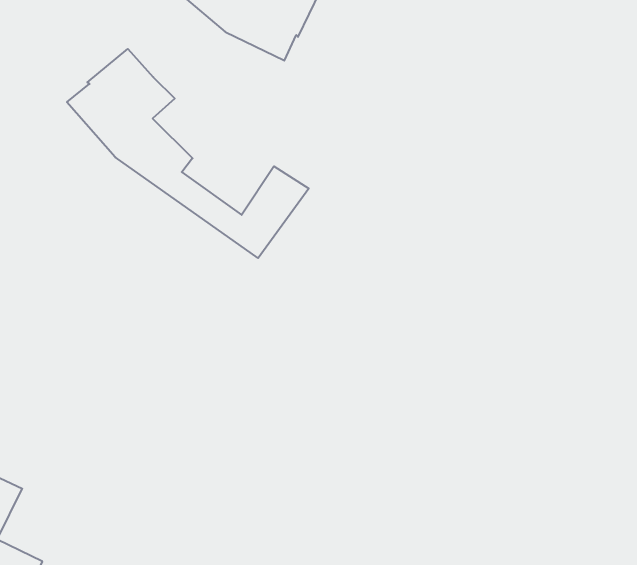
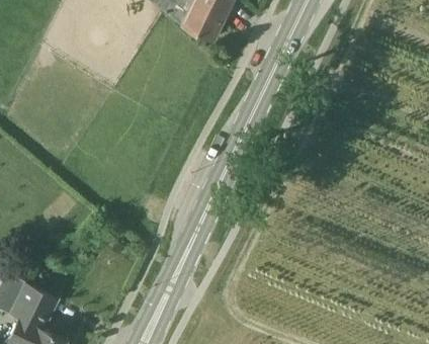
building: [67,49,309,258] -> none

